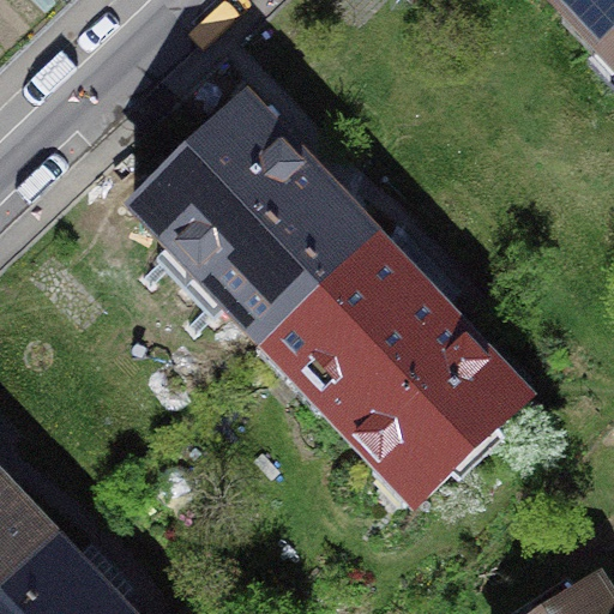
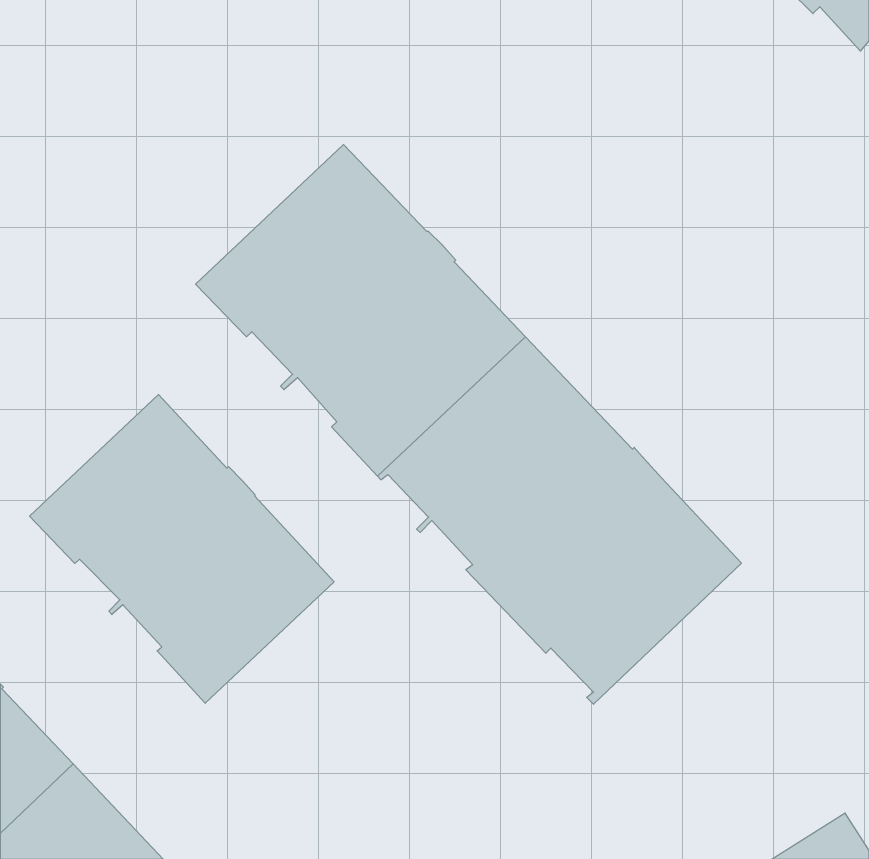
building: none -> [30,395,334,703]

